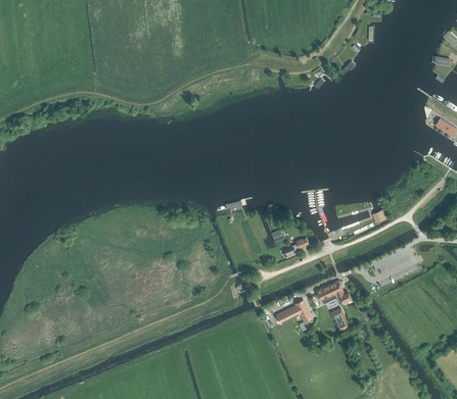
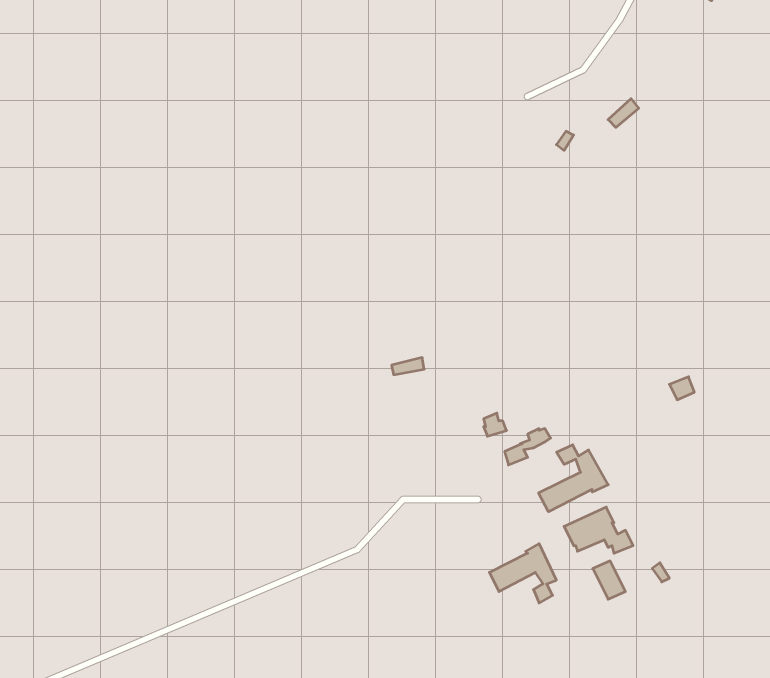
building: none -> [539,445,608,512]

